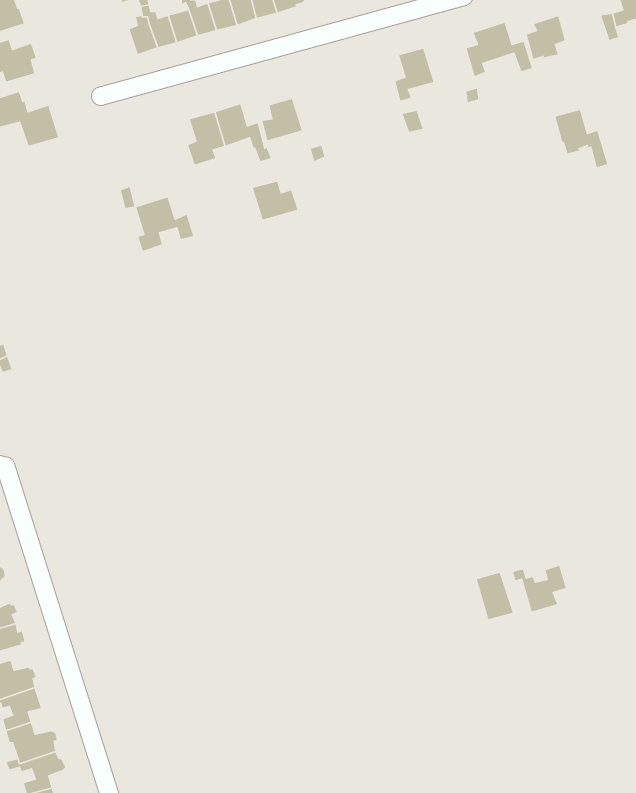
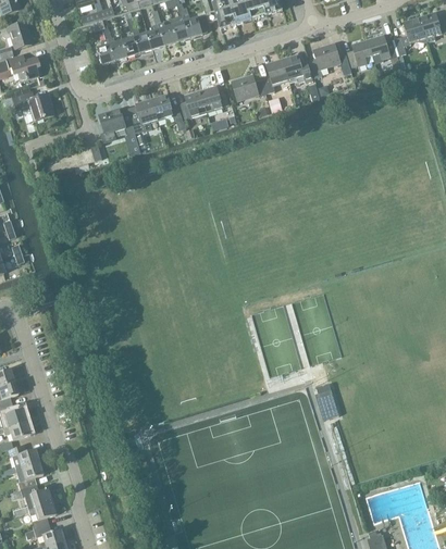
building: none -> [283,52,312,80]
building: none -> [232,74,267,99]
building: [555,109,608,168] -> [368,33,401,70]
building: [252,181,299,221] -> [200,85,230,110]
building: [135,197,194,252] -> [99,108,136,142]
building: [512,565,567,612] -> none

